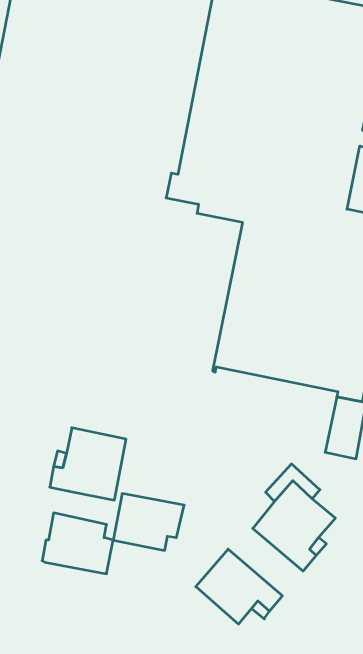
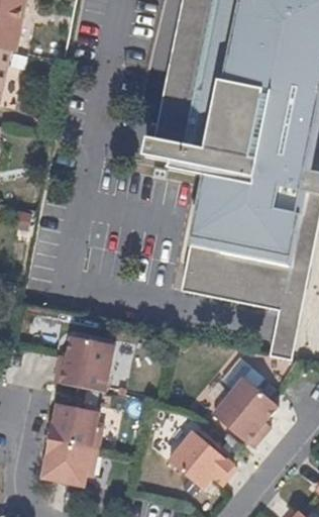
building: [113,494,184,550] -> [42,440,98,485]

